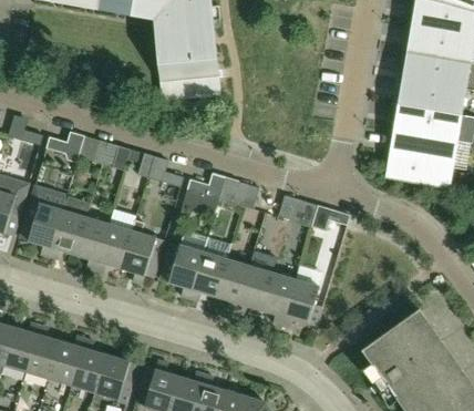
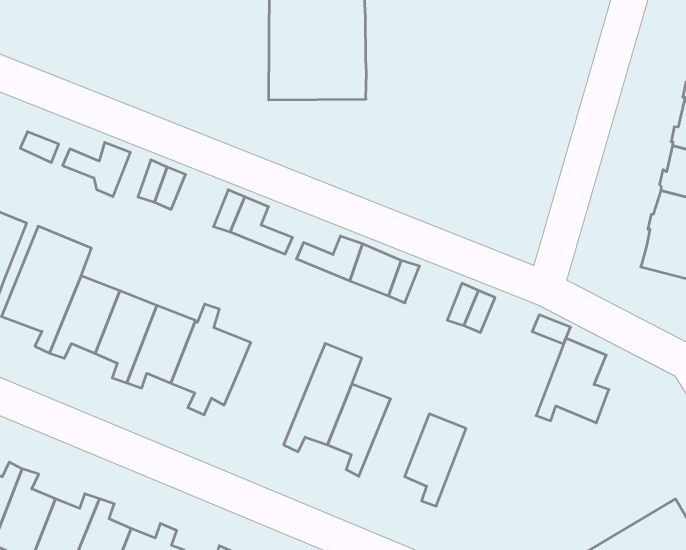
building: [159,230,208,298] -> none
building: [235,266,272,315] -> none
building: [281,279,322,328] -> [536,338,609,423]

